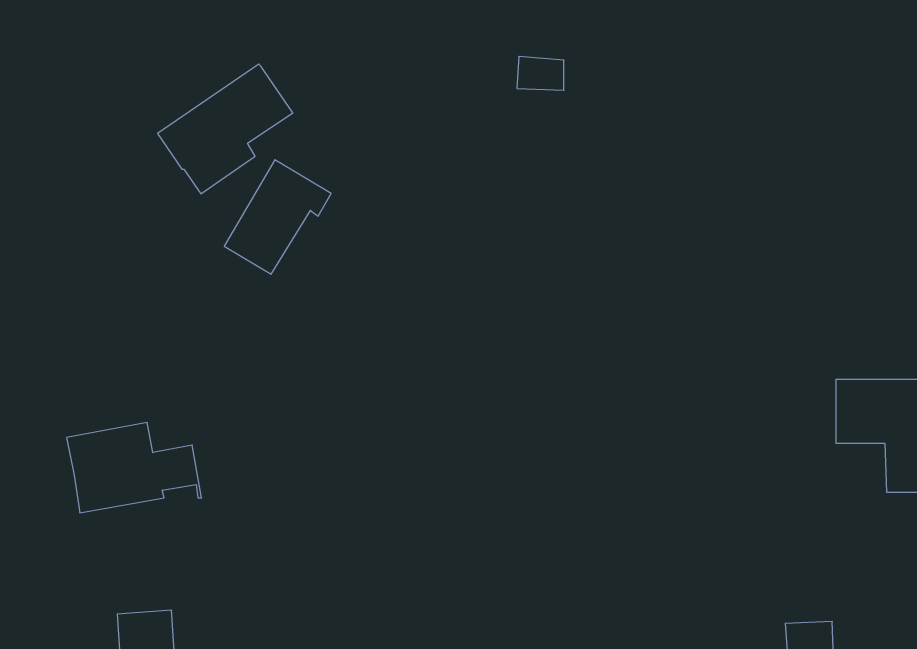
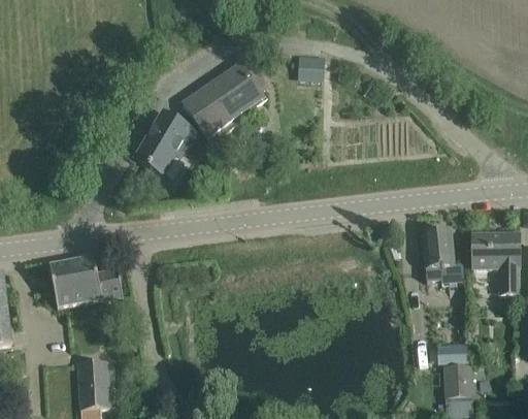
building: [158,64,293,194] -> [184,64,258,135]
building: none -> [423,230,464,282]
building: none -> [433,343,466,362]

